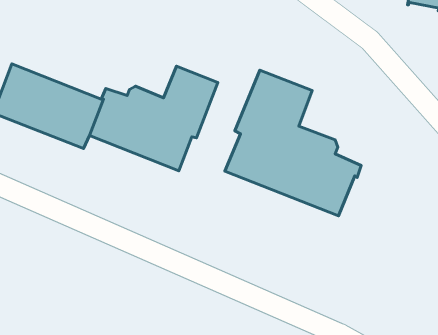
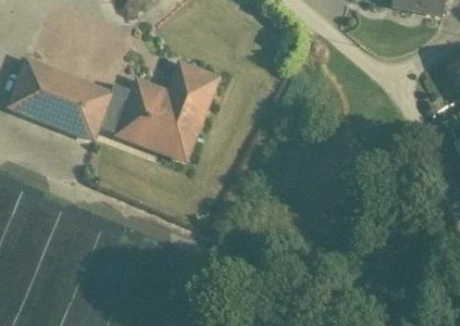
building: [225,70,361,216] -> none

